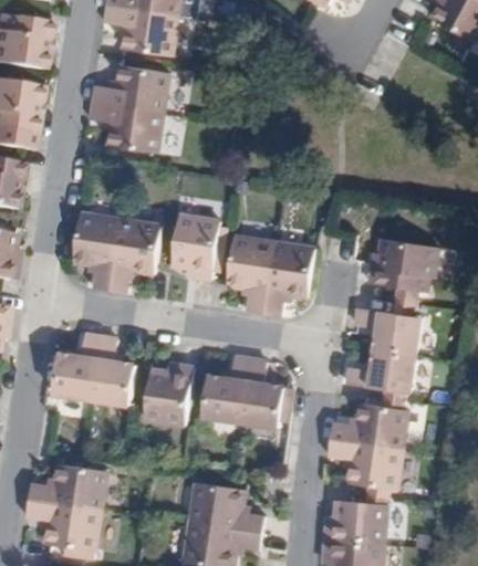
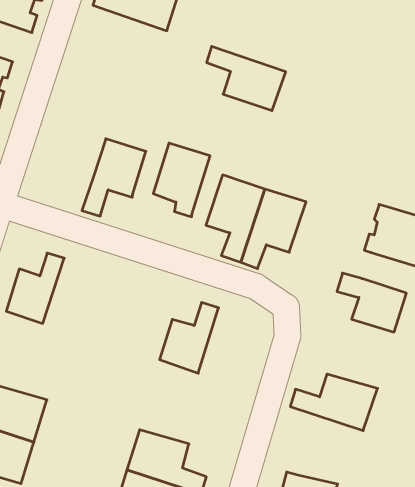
building: [85,101,159,150] -> [207,46,286,111]
building: [73,216,119,291] -> none
building: [90,337,135,406] -> none
building: [345,349,414,394] -> none
building: [240,359,291,428] -> none
building: [144,366,191,427] -> none
building: [326,439,401,490] -> none

